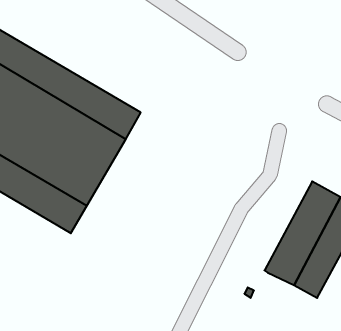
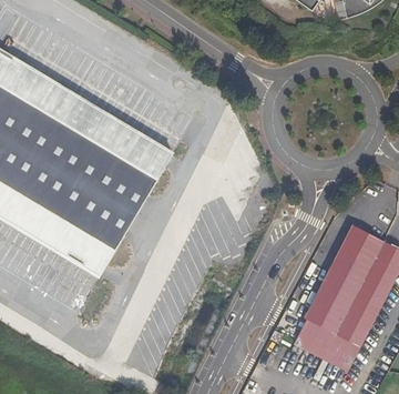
building: none -> [294,320,359,370]

